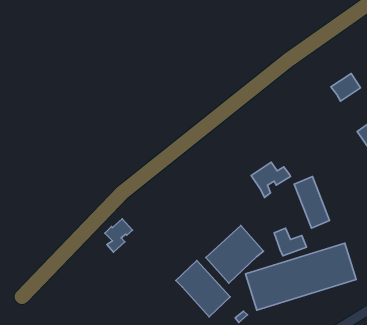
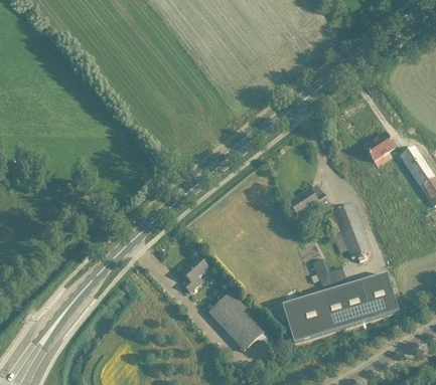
building: [331,74,361,101] -> [362,132,394,161]
building: [105,219,133,252] -> [179,256,208,292]
building: [206,226,264,283] -> none

